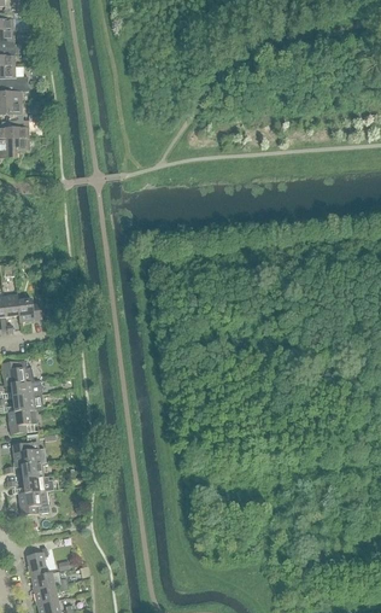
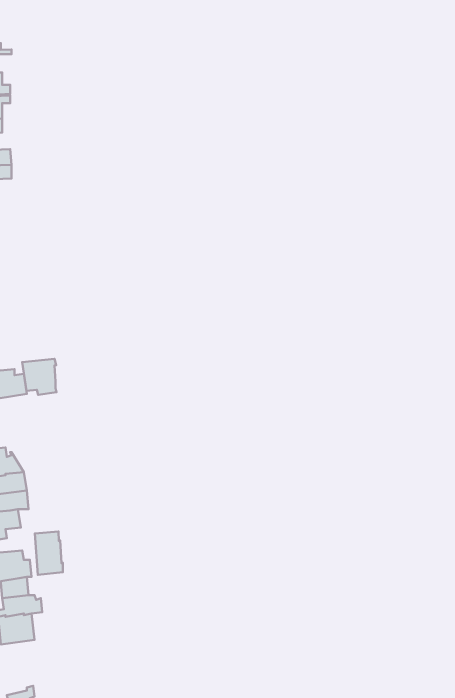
building: none -> [22,359,57,395]
building: none -> [35,531,63,575]

